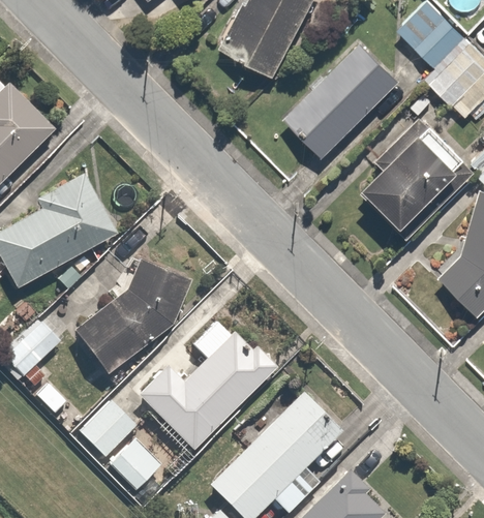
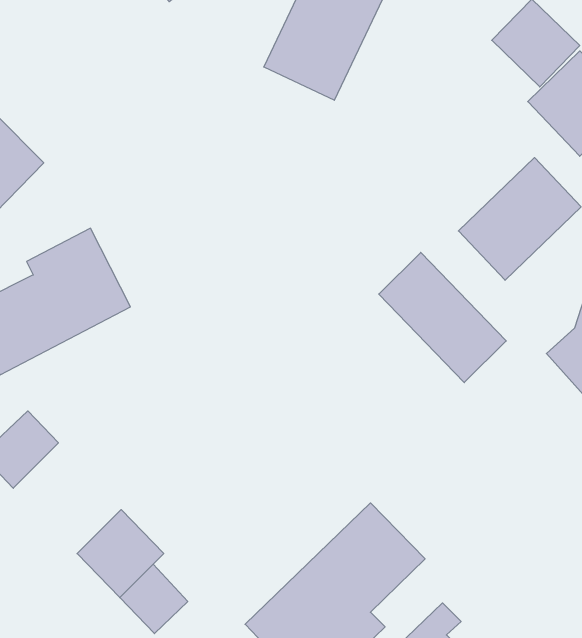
building: [281,41,399,158] -> none
building: none -> [379,252,506,383]
building: [78,260,188,376] -> none
building: [141,321,274,450] -> none

